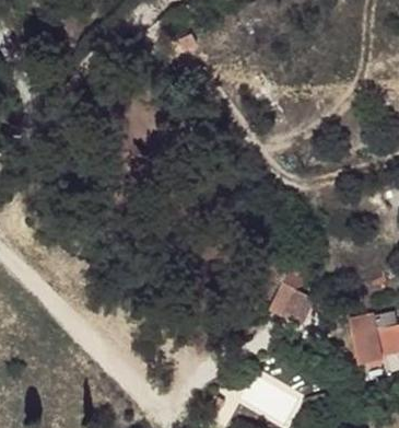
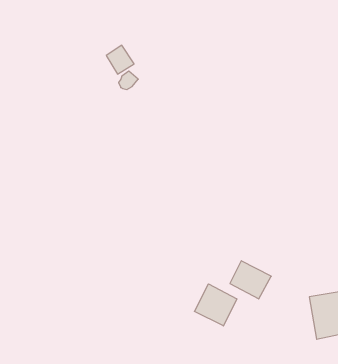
building: none -> [194,284,237,326]

